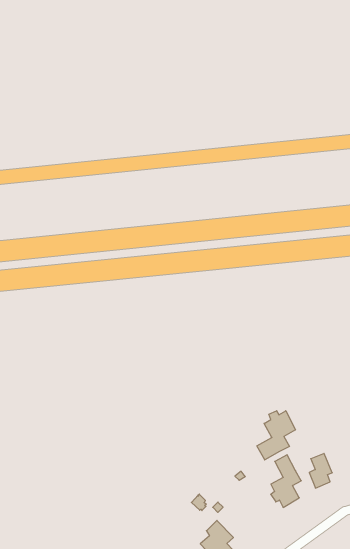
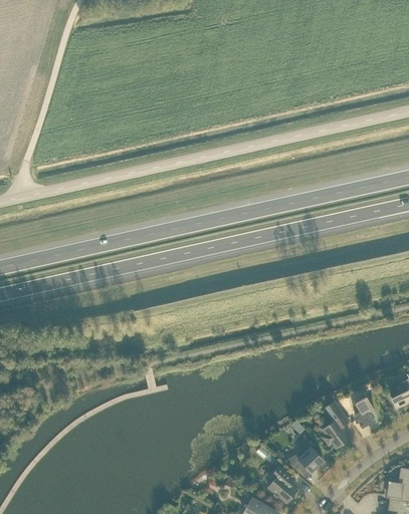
building: [257,411,295,460] -> none
building: none -> [285,436,323,477]

